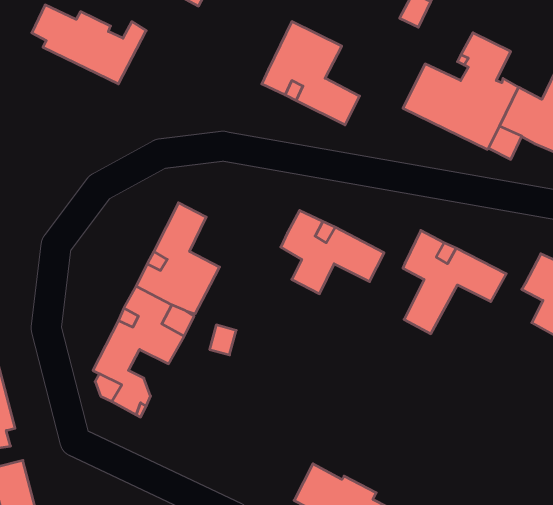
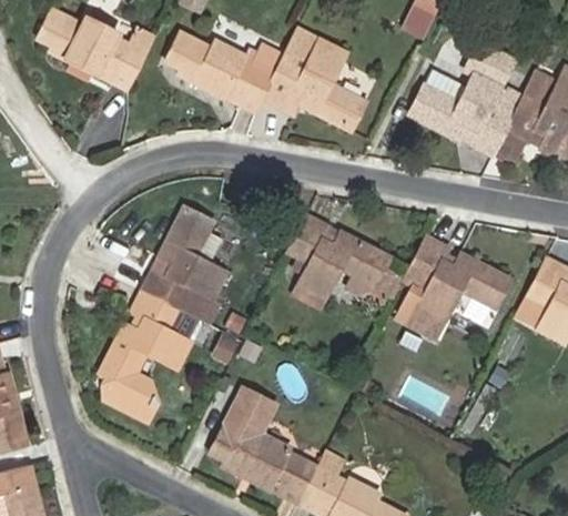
building: none -> [165,32,274,111]
building: none -> [211,392,318,505]

